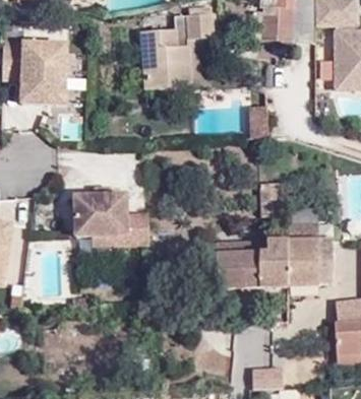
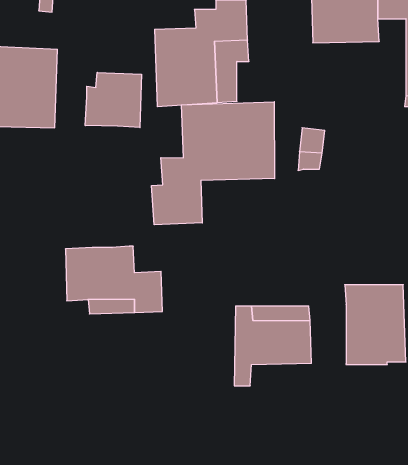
building: none -> [85,72,141,128]
building: none -> [152,102,275,225]
building: [260,240,288,284] -> none

